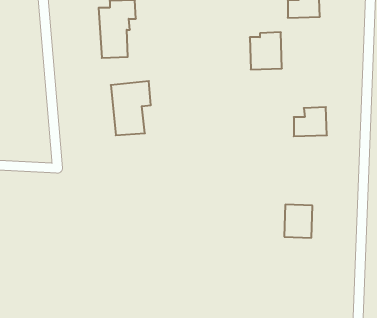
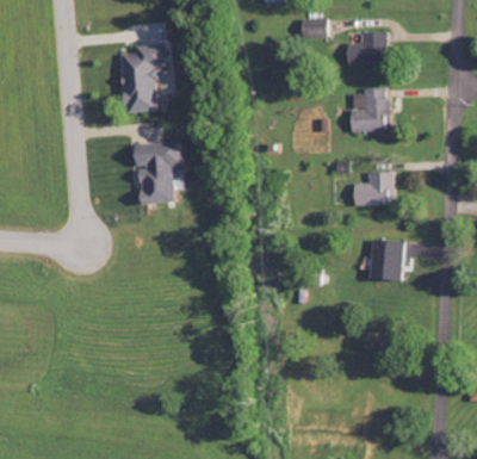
building: [250,32,282,69] -> [348,88,386,132]
building: [284,205,312,238] -> [368,241,402,280]

